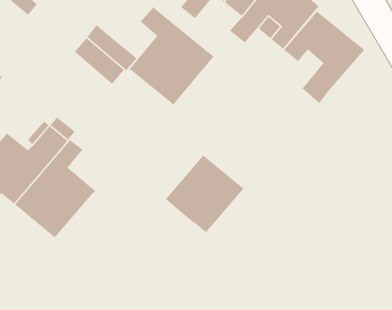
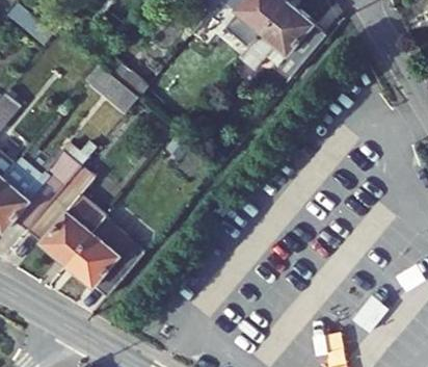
building: [128,6,214,105] -> none
building: [283,10,365,104] -> none
building: [165,155,245,233] -> [65,217,143,294]

